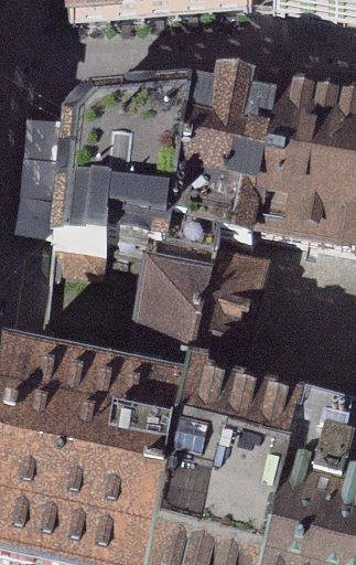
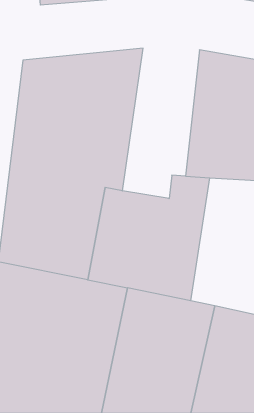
building: [170,82,268,274] -> none

